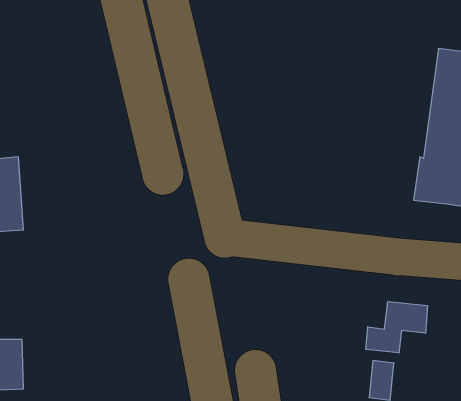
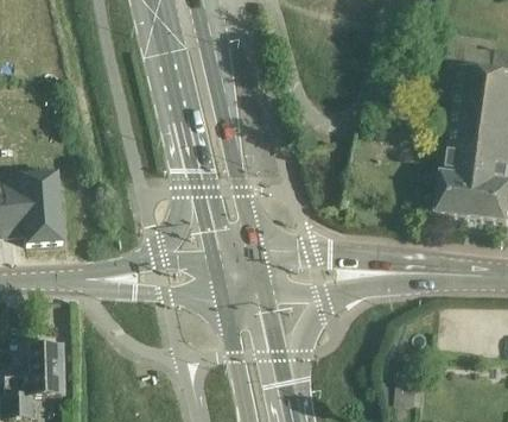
building: [366,302,428,353] -> none

